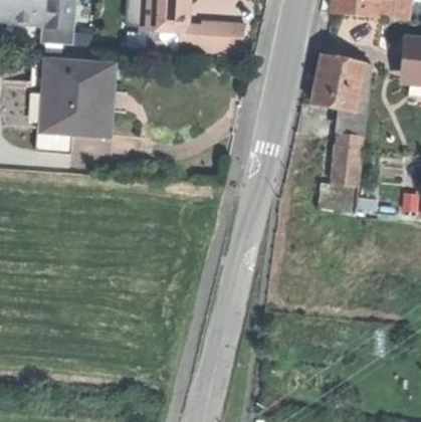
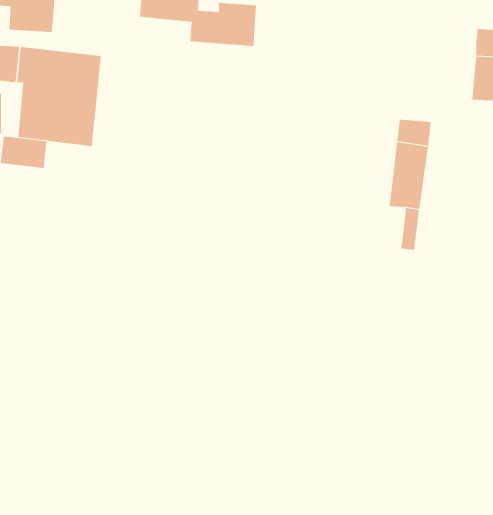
building: [315,51,366,108] -> none
building: [317,177,348,212] -> none

